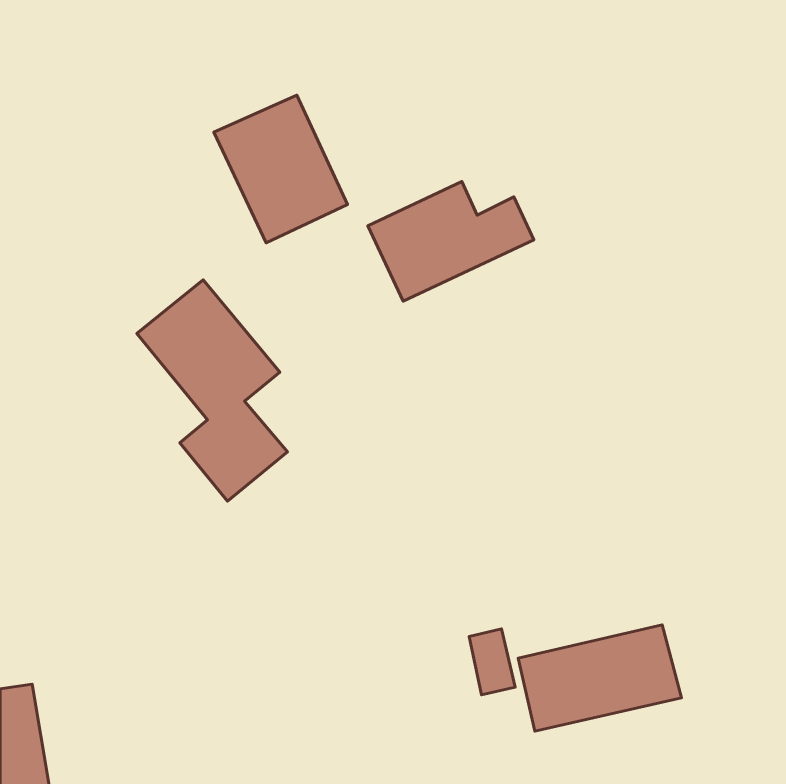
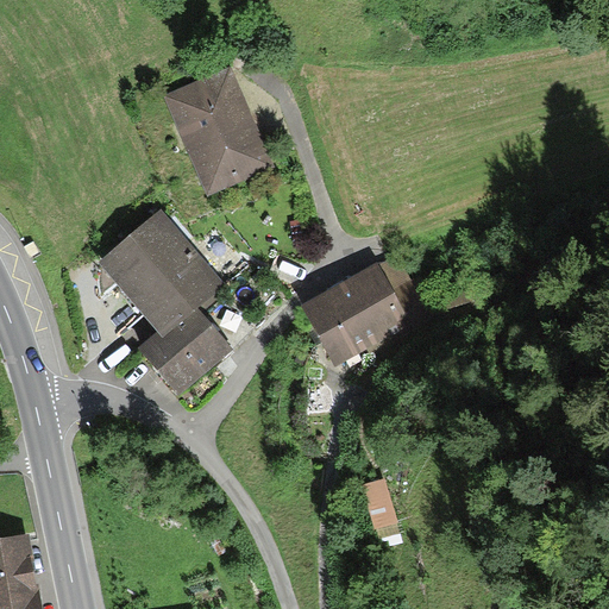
building: [368,181,534,301] -> [303,265,432,358]
building: [518,625,681,731] -> none

